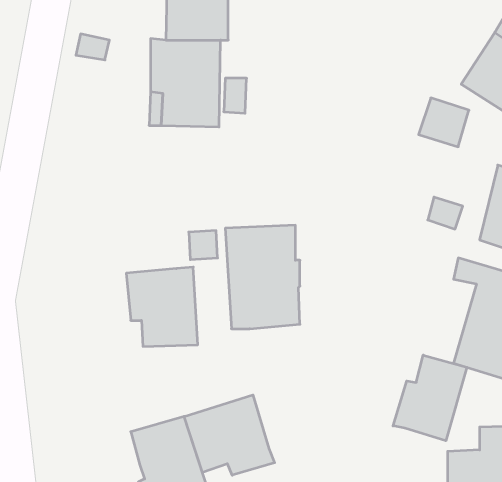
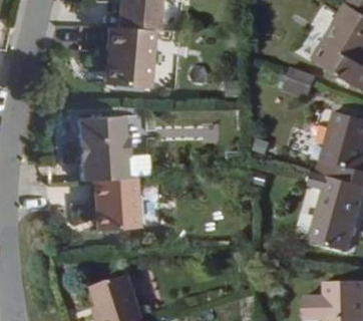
building: [225,225,300,329] -> [74,112,123,181]
building: [393,355,467,441] -> none
building: [184,395,275,475] -> none

